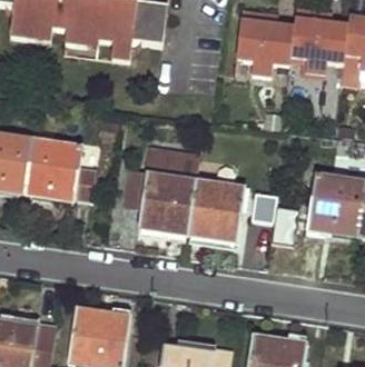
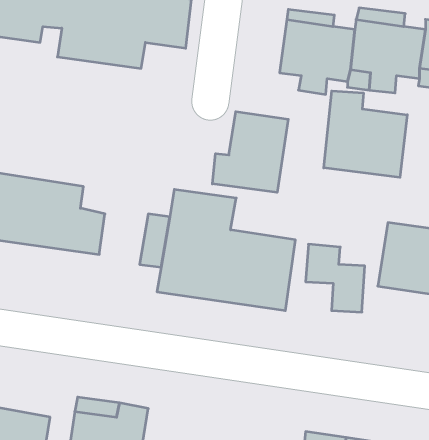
building: none -> [324,91,407,177]
building: none -> [212,112,288,192]

